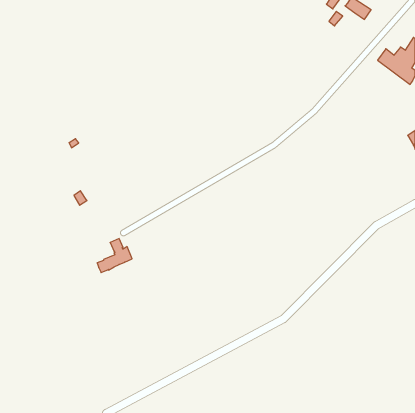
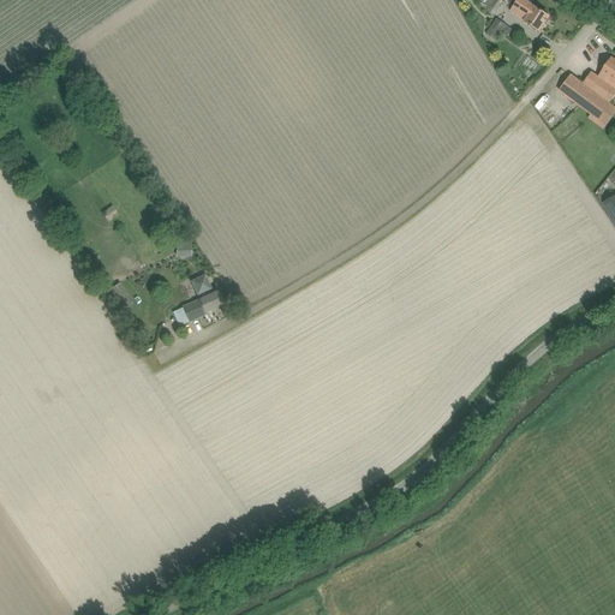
building: [97,239,132,273] -> [173,274,225,324]

